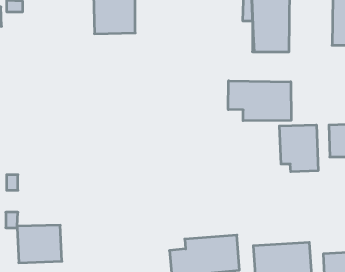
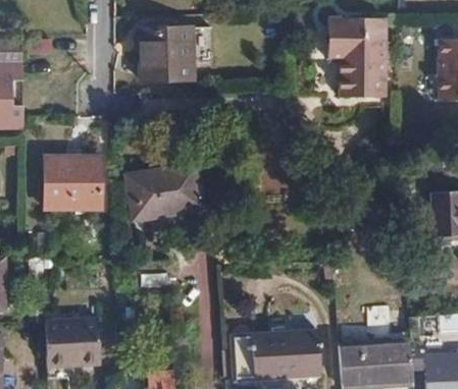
building: [228,81,291,121] -> none
building: none -> [43,158,97,204]
building: none -> [124,166,198,218]
building: [279,125,318,172] -> none

